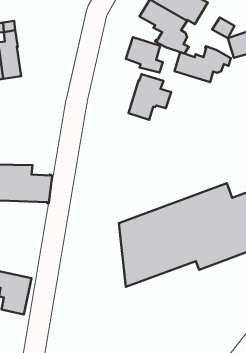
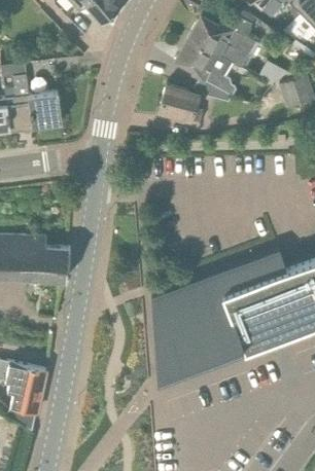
building: none -> [28,90,62,130]
building: [174,46,231,82] -> none
building: [128,74,171,120] -> none

